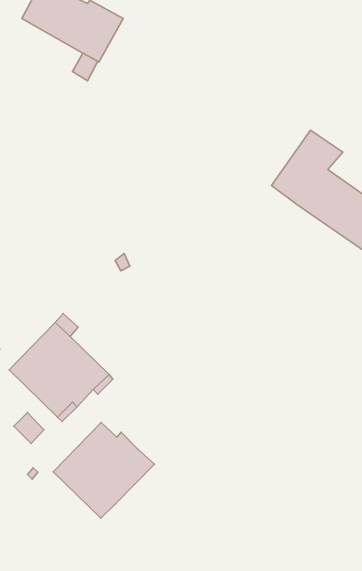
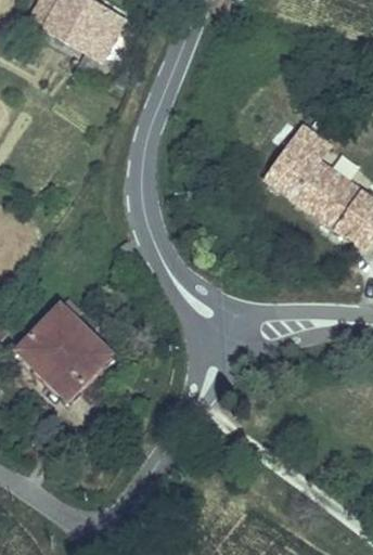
building: [53,422,155,518] -> none

